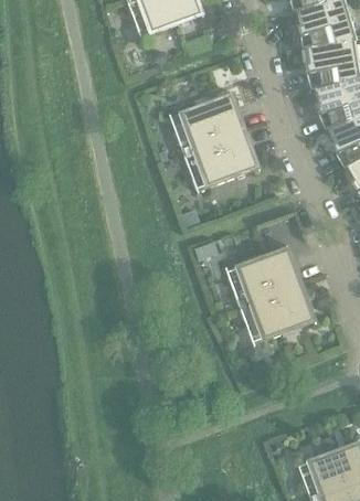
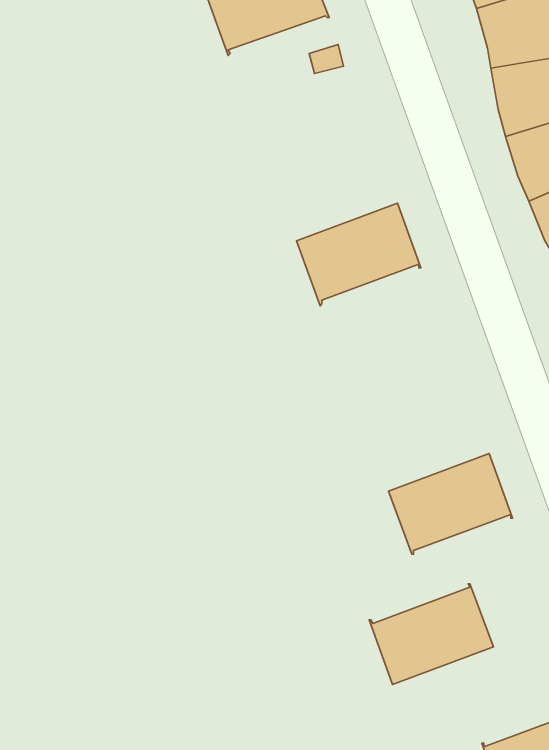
building: [168,90,244,152] -> none
building: [224,244,300,306] -> [369,584,493,685]

